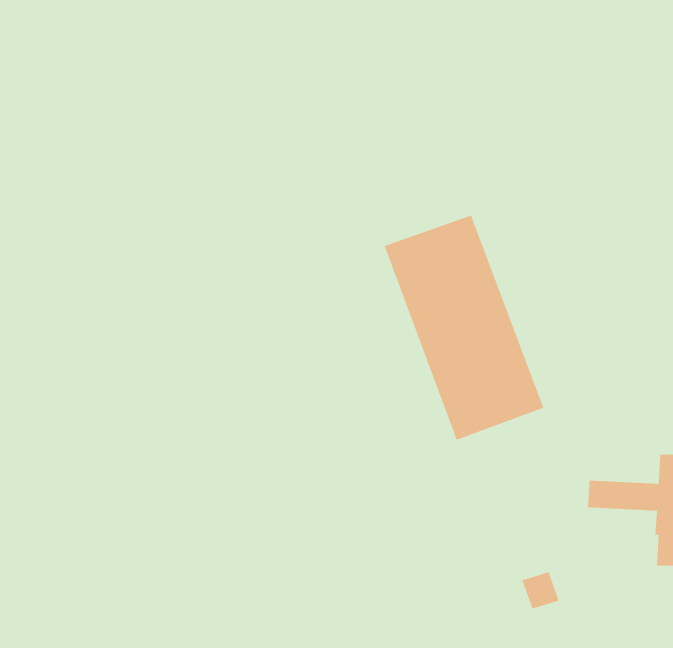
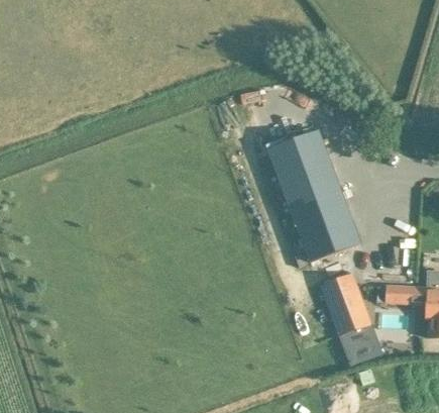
building: none -> [322,275,370,334]

